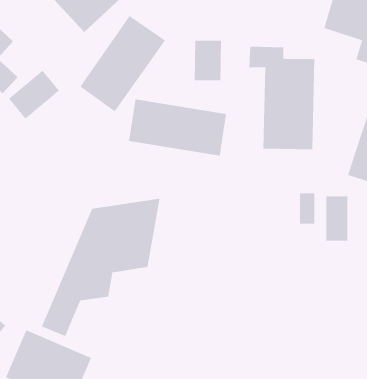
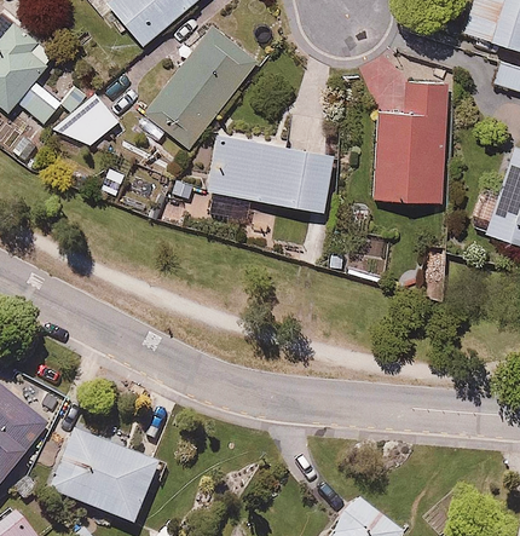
building: [194,40,222,81] -> none
building: [326,195,348,242] -> none
building: [41,198,160,337] -> none

